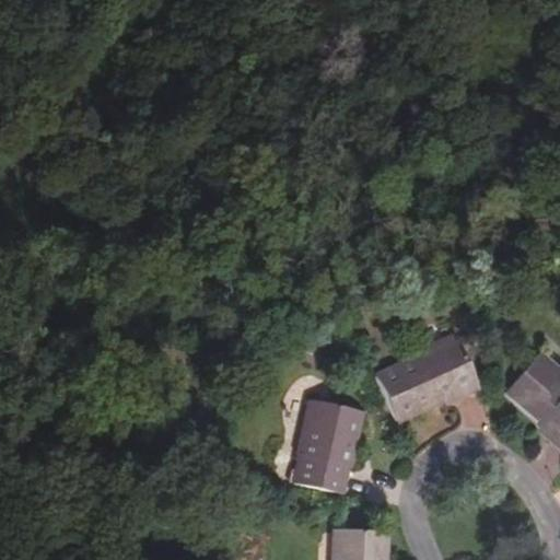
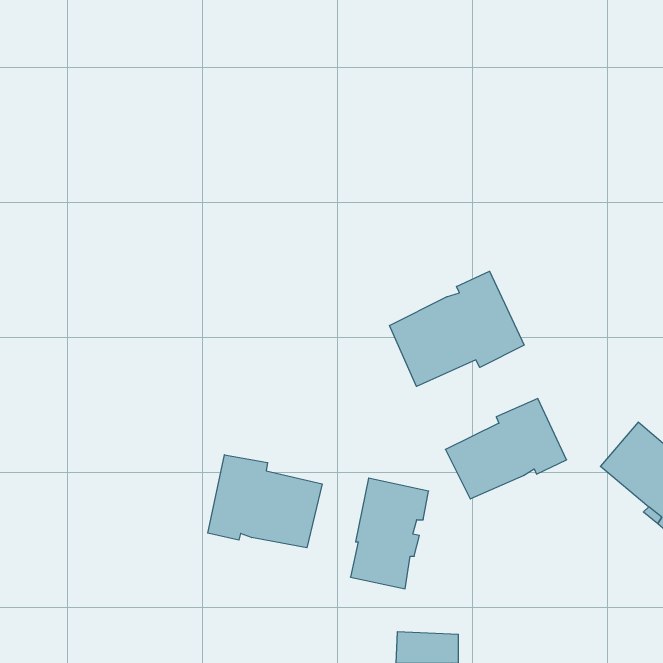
building: none -> [390,271,524,386]
building: none -> [208,455,322,548]

